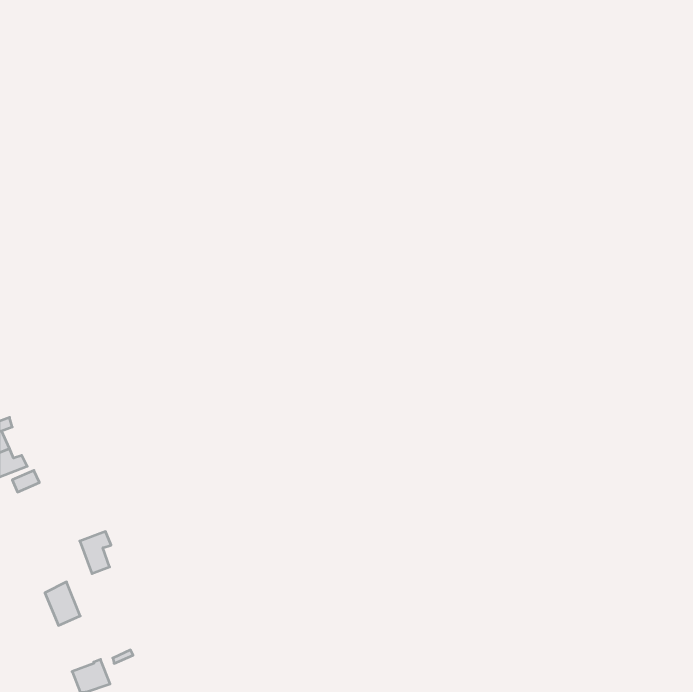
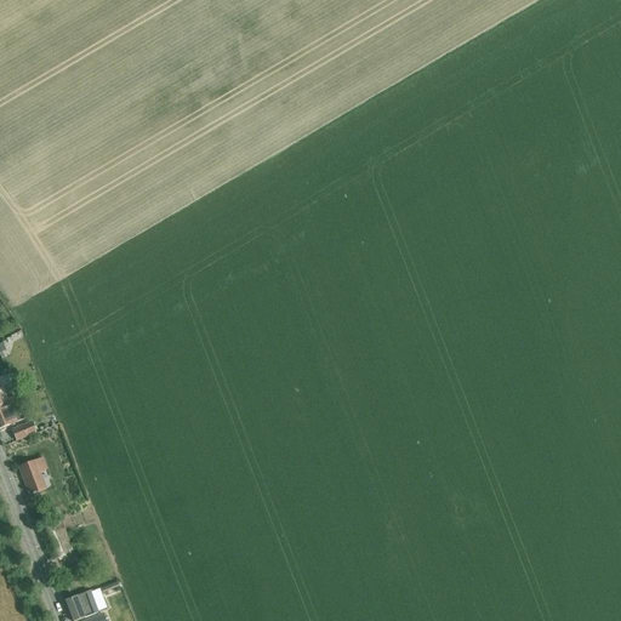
building: [80,532,111,574] -> [18,456,46,494]

